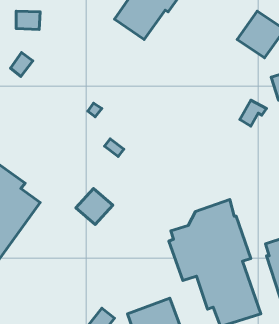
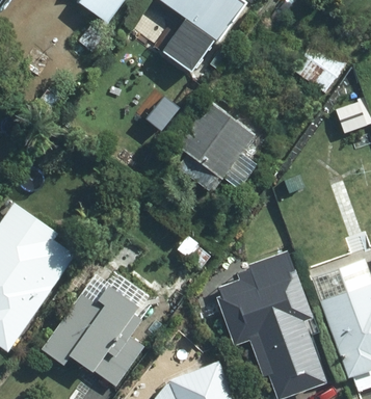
building: none -> [175,99,254,191]
building: none -> [43,286,143,385]

